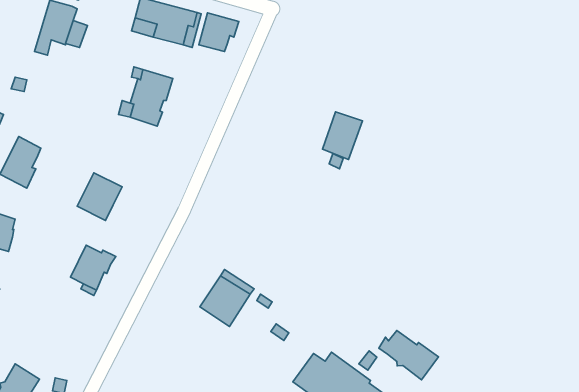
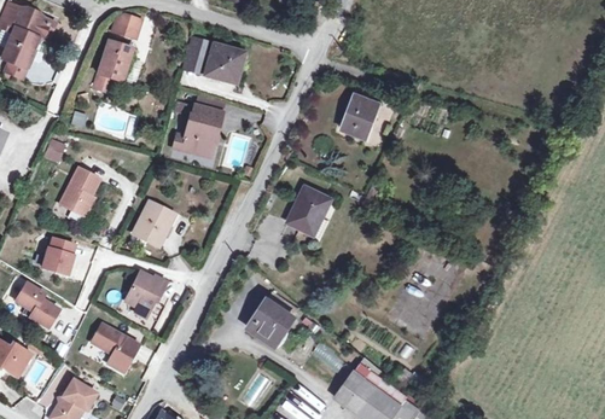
building: [199,13,239,51] -> none
building: [323,112,363,160] -> [341,94,378,139]
building: none -> [287,186,330,233]
building: none -> [91,324,135,372]
building: [379,331,438,380] -> none

